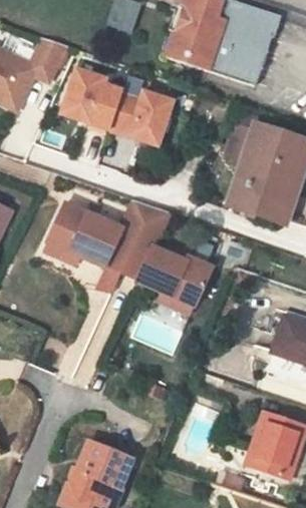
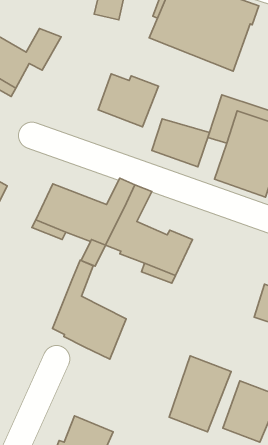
building: [62,66,124,127] -> none
building: none -> [152,119,209,167]
building: none -> [53,260,126,359]
building: none -> [169,356,231,432]

